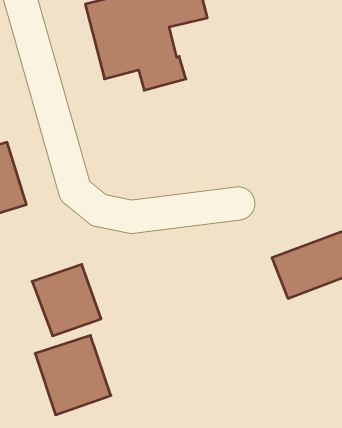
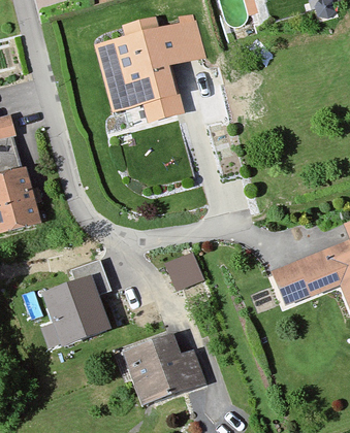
building: none -> [169,247,209,286]
building: [35,335,111,415] -> [122,335,191,407]

